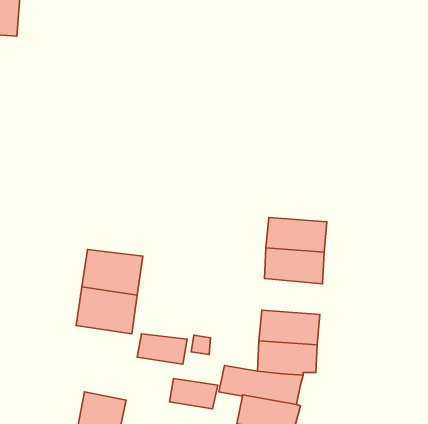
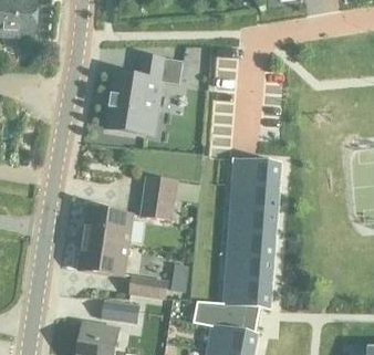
building: none -> [107,54,183,133]
building: none -> [232,158,281,186]
building: none -> [139,176,175,219]
building: none -> [227,231,276,260]
building: [169,378,218,409] -> [101,300,139,324]

